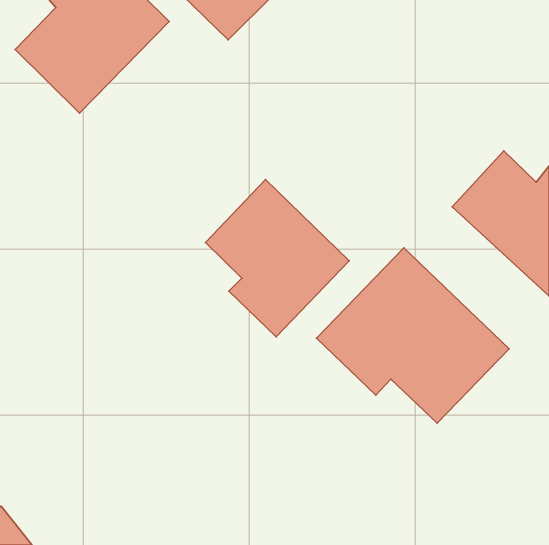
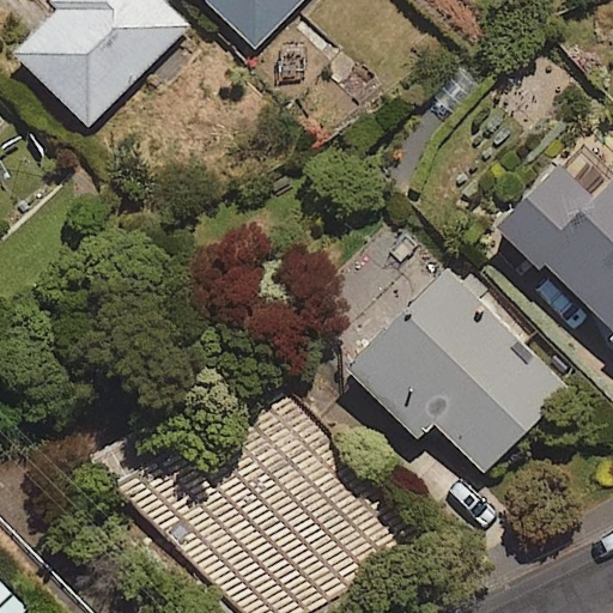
building: [205,180,349,337] -> none

